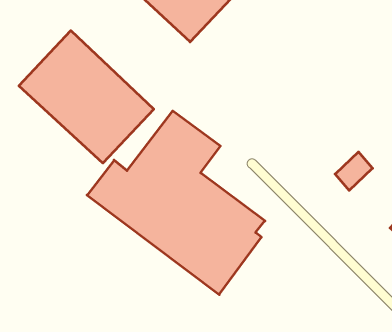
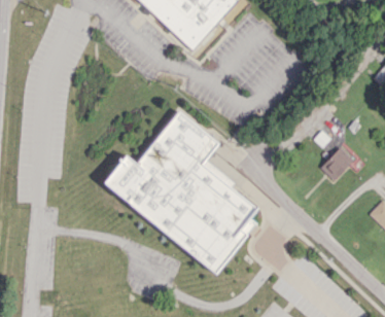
building: [19,31,154,163] -> none

